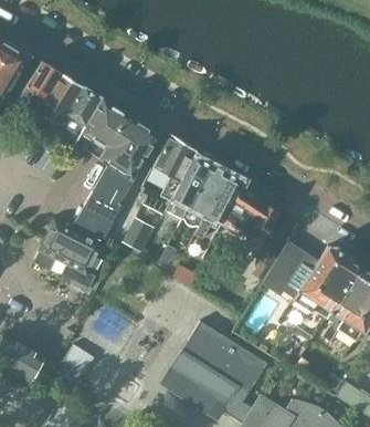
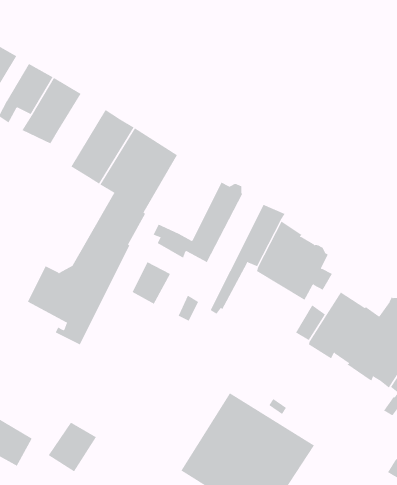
building: [62,85,102,145] -> none
building: [152,134,197,201] -> none
building: [177,164,226,232] -> none

